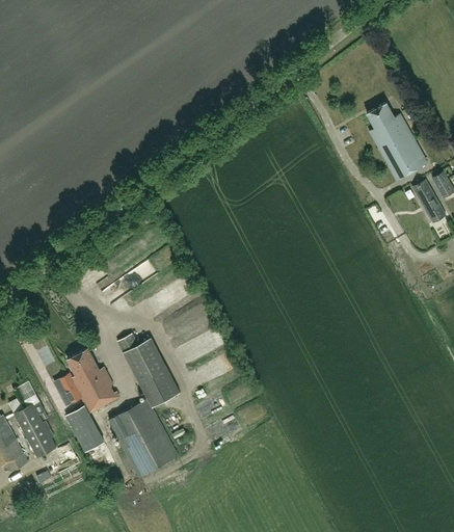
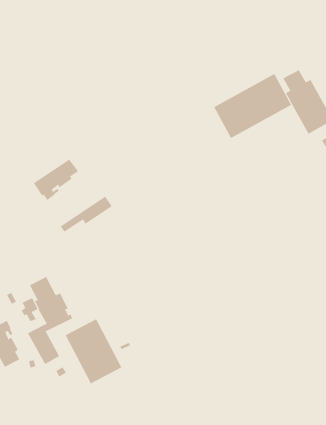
building: none -> [213,73,292,139]
building: none -> [33,159,79,201]
building: [117,334,180,407] -> none

